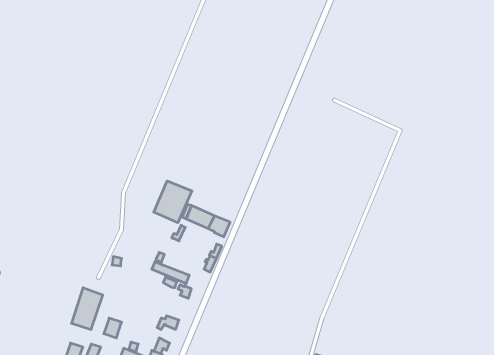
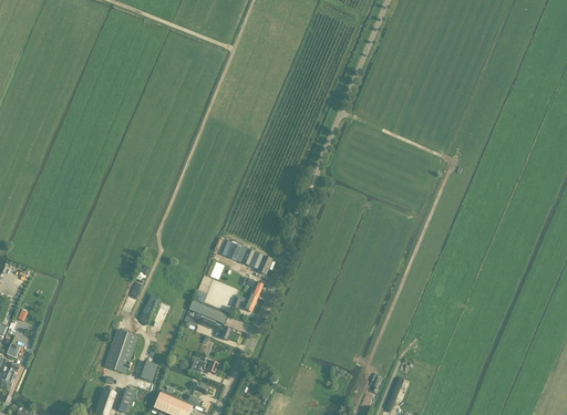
building: [154,181,192,223] -> none

